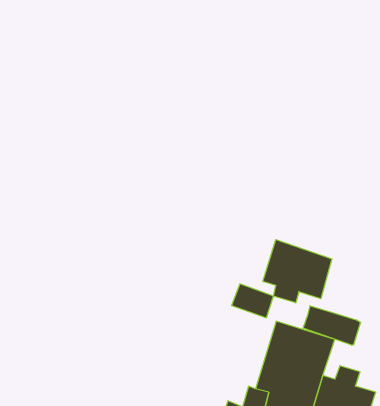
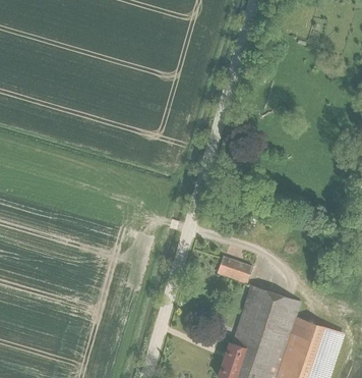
building: [263,240,332,303] -> none
building: [303,306,360,345] -> none

